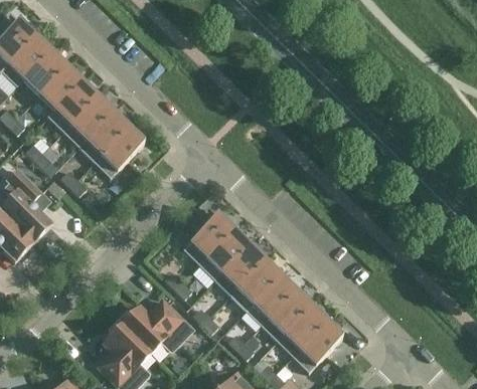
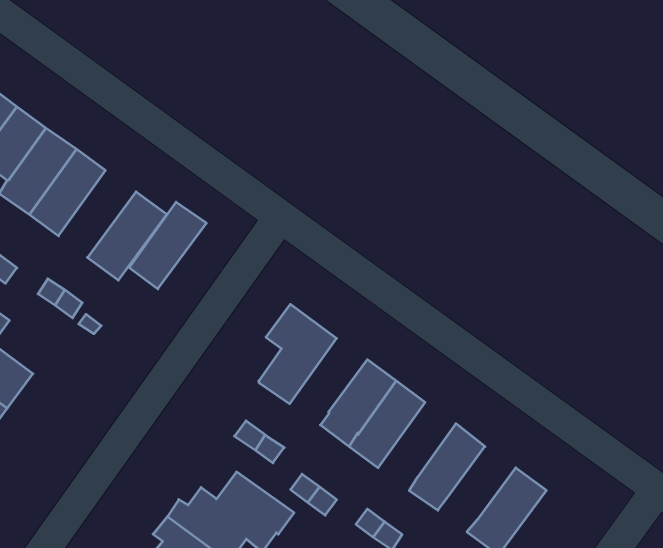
building: [78,112,128,161] -> [129,202,206,289]
building: [199,230,249,279] -> none
building: [246,275,295,326] -> none
building: [277,307,326,355] -> none

